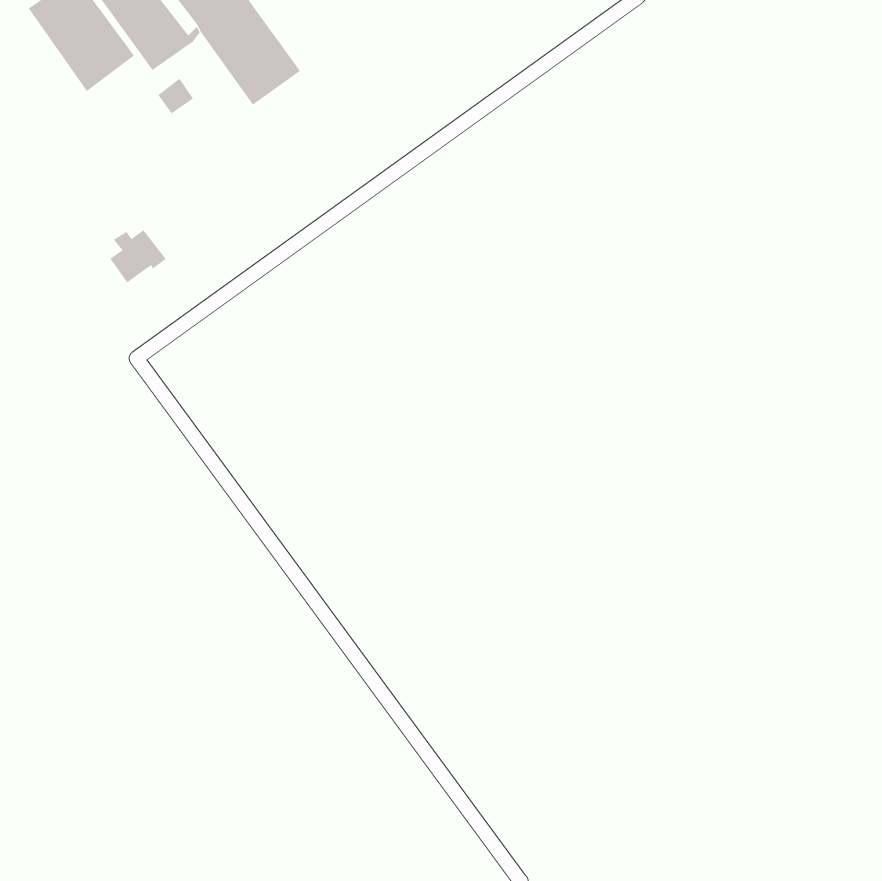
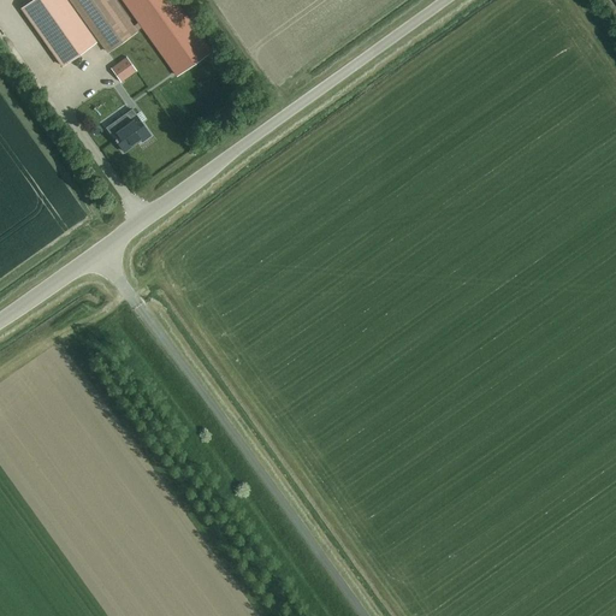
building: [109,230,166,283] -> [109,112,149,149]

